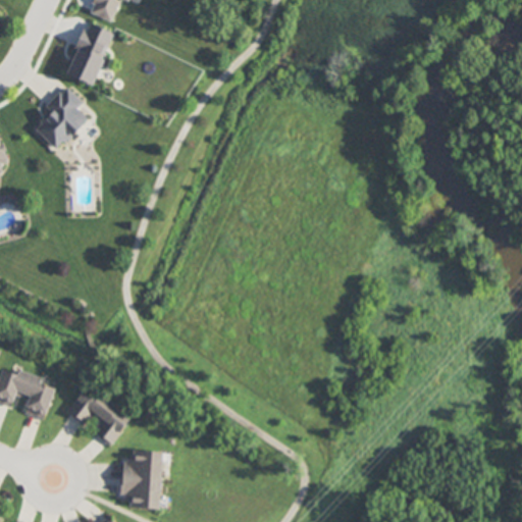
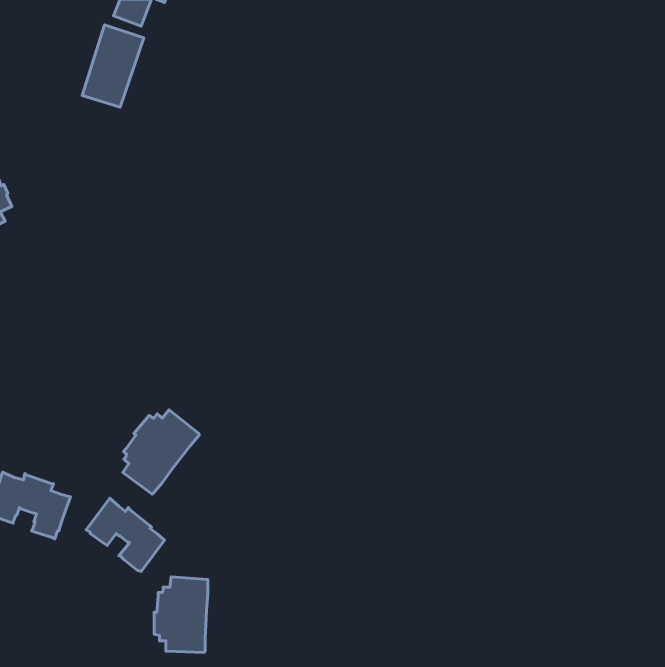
building: [36,88,88,150] -> none
building: none -> [123,410,199,494]

